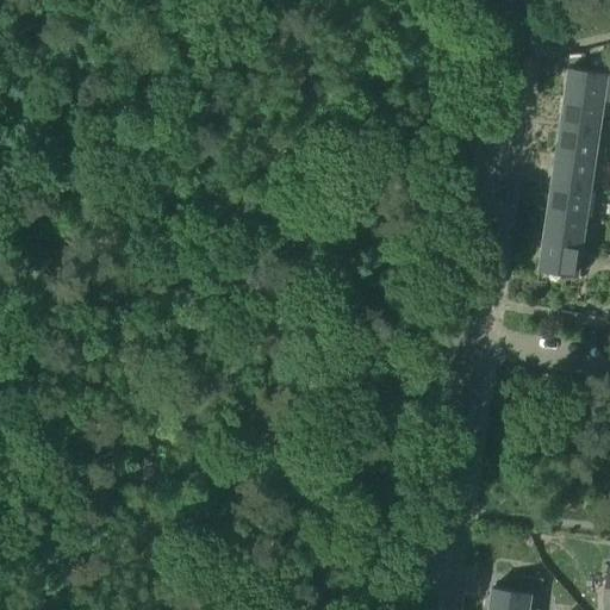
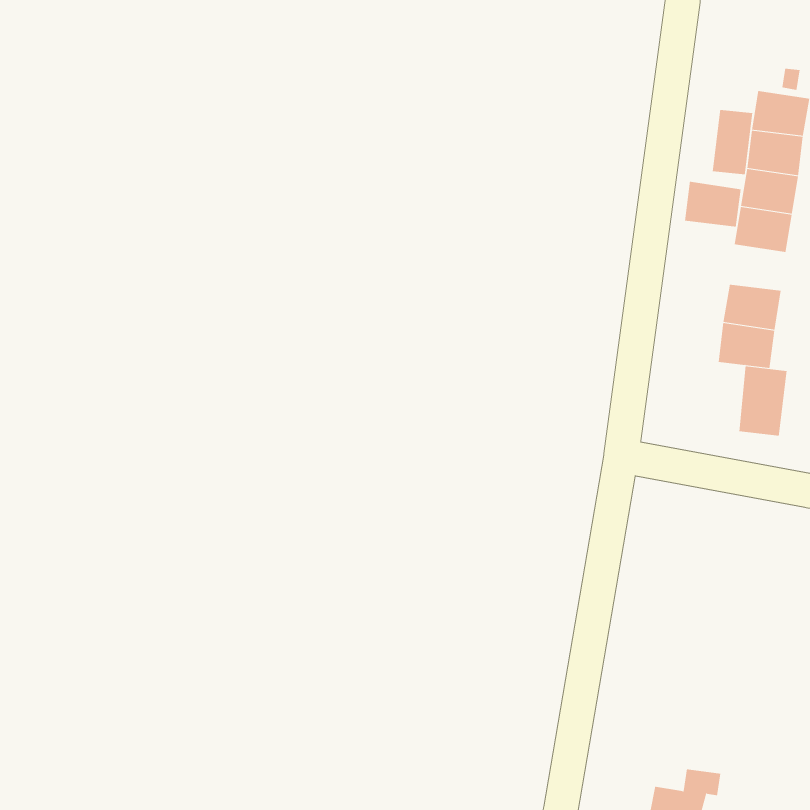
building: none -> [712,109,753,175]
building: [547,185,590,219] -> [684,181,741,227]
building: none -> [739,365,787,436]

